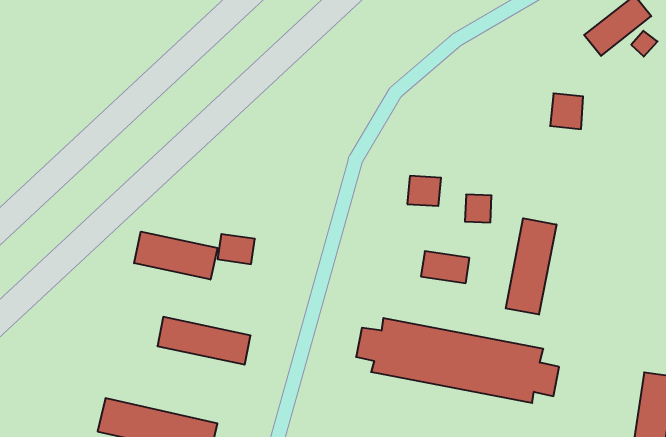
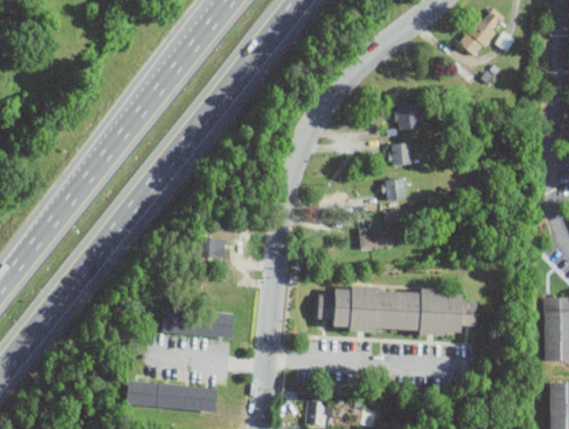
building: [550,93,583,129] -> [395,103,420,130]
building: [407,176,441,206] -> [388,142,413,167]
building: [506,218,556,315] -> none
building: [134,232,217,280] -> none

